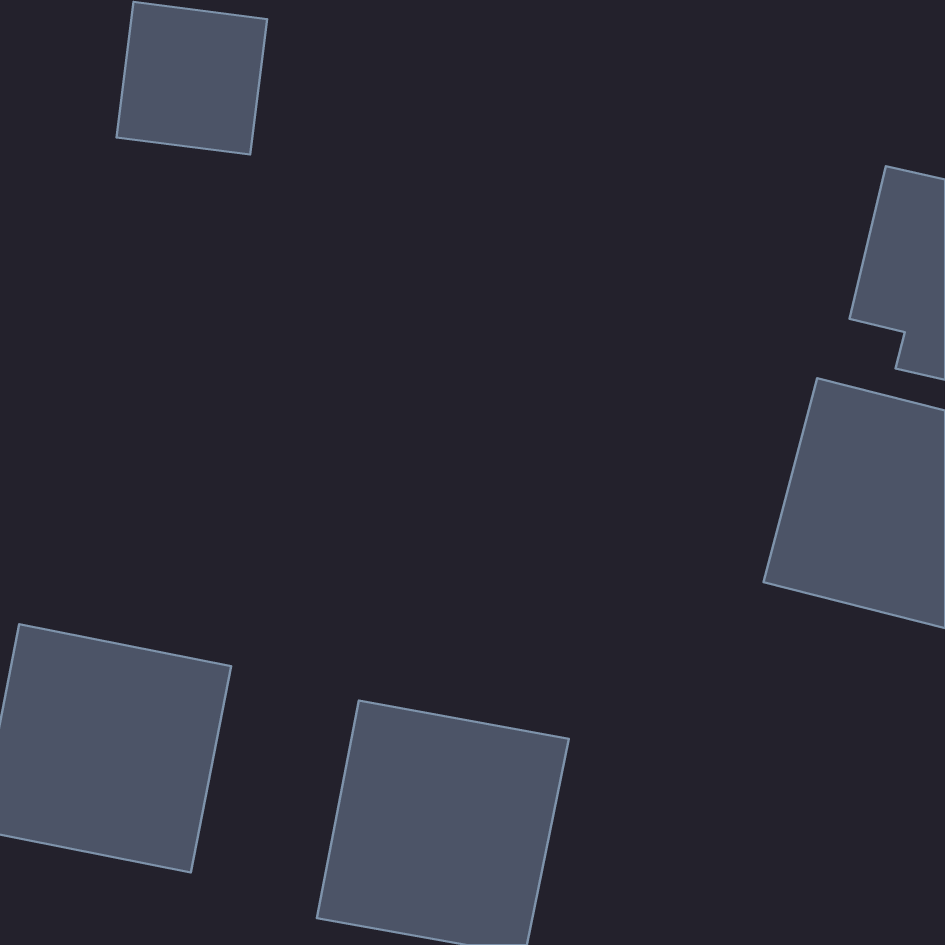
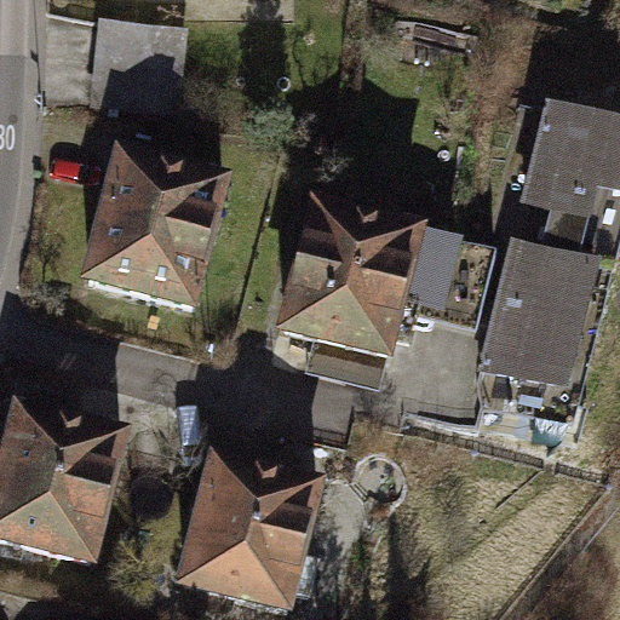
building: none -> [87,151,257,312]
building: none -> [297,200,455,362]

